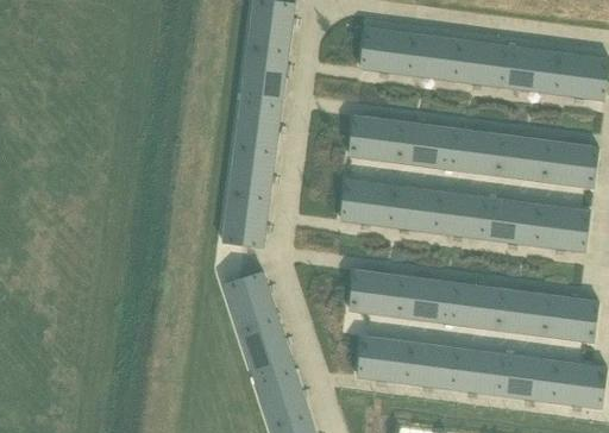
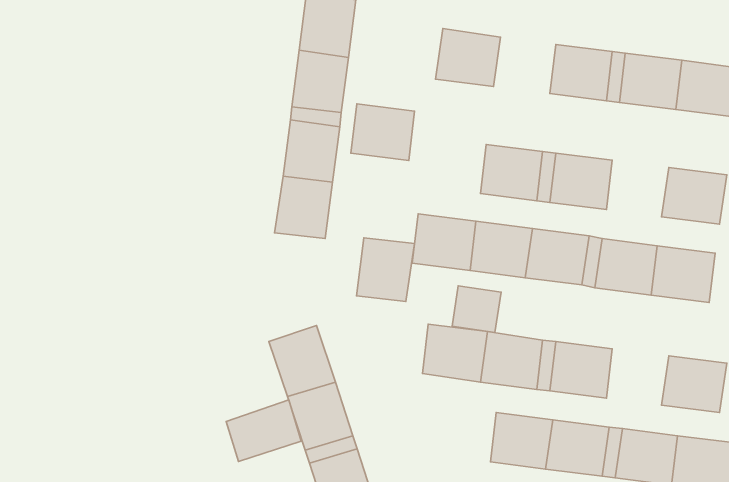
building: [406,33,457,80] -> none
building: [347,115,400,162] -> [351,104,415,160]
building: [498,134,550,181] -> none
building: [220,194,268,246] -> [357,238,415,302]
building: none -> [452,286,501,332]
building: [498,289,550,335] -> none
building: none -> [226,400,301,461]
building: [356,335,408,382] -> none

